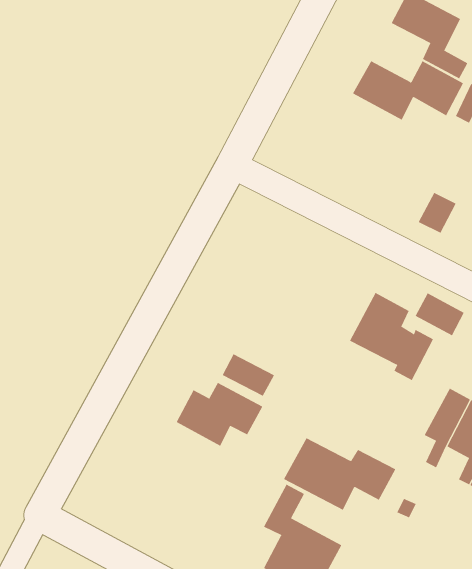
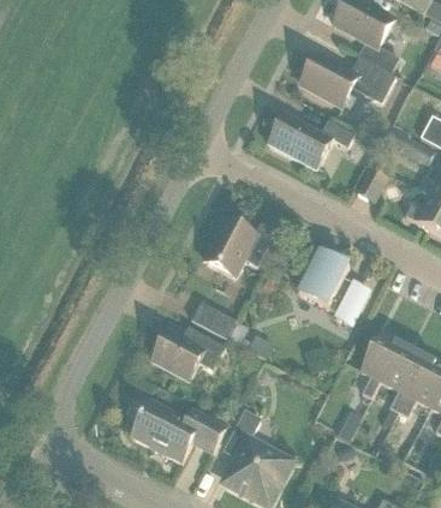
building: none -> [268,113,354,169]
building: none -> [205,220,276,275]
building: [415,292,465,336] -> none
building: [283,438,396,511] -> [131,400,226,461]

